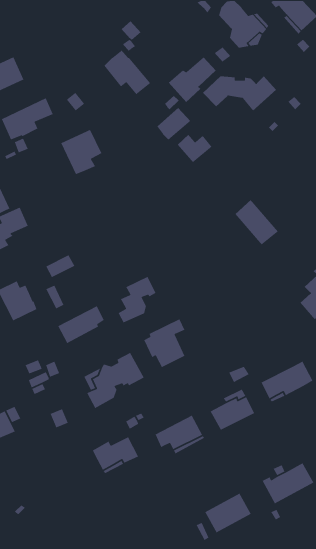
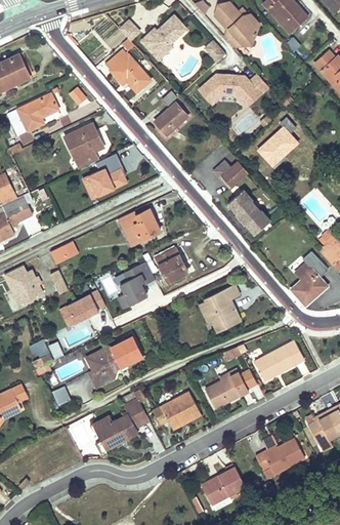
building: [168,56,216,103] -> [141,16,187,60]
building: none -> [257,125,300,167]
building: [177,134,212,163] -> [214,160,248,188]
building: none -> [83,154,127,195]
building: none -> [118,209,159,246]
building: none -> [157,247,188,282]
building: [143,318,185,368] -> [201,284,241,331]

